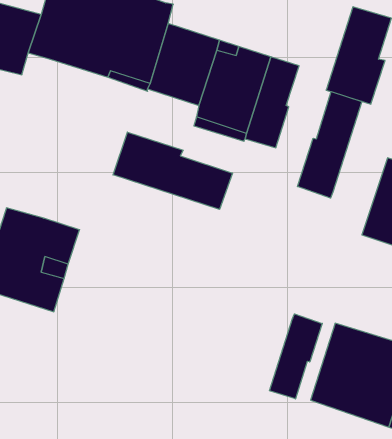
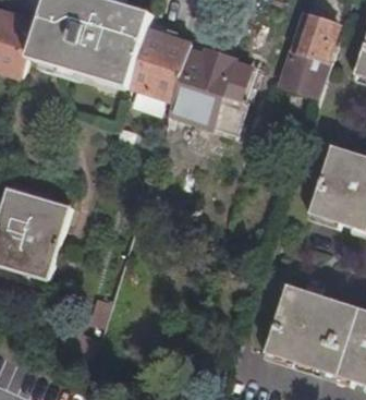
building: [298,92,362,198] -> none
building: [113,132,232,209] -> none
building: [270,314,322,399] -> none

